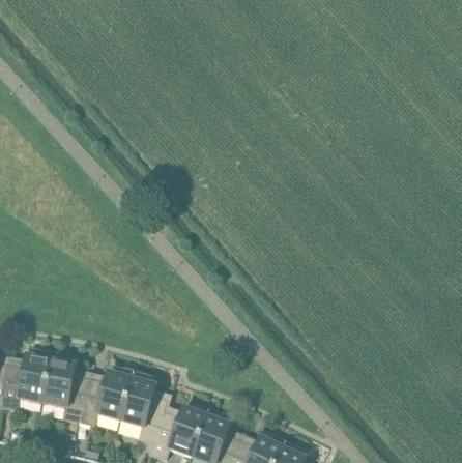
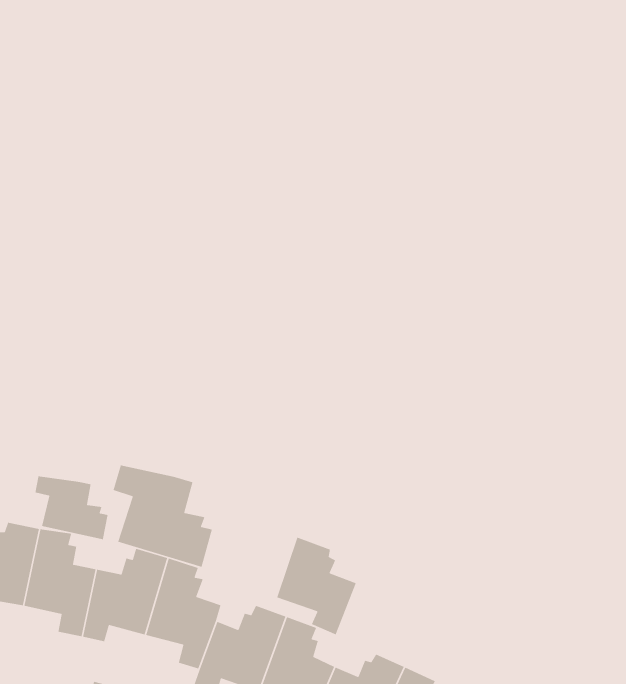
building: none -> [113,464,213,568]
building: none -> [34,475,109,540]
building: none -> [276,537,357,635]

